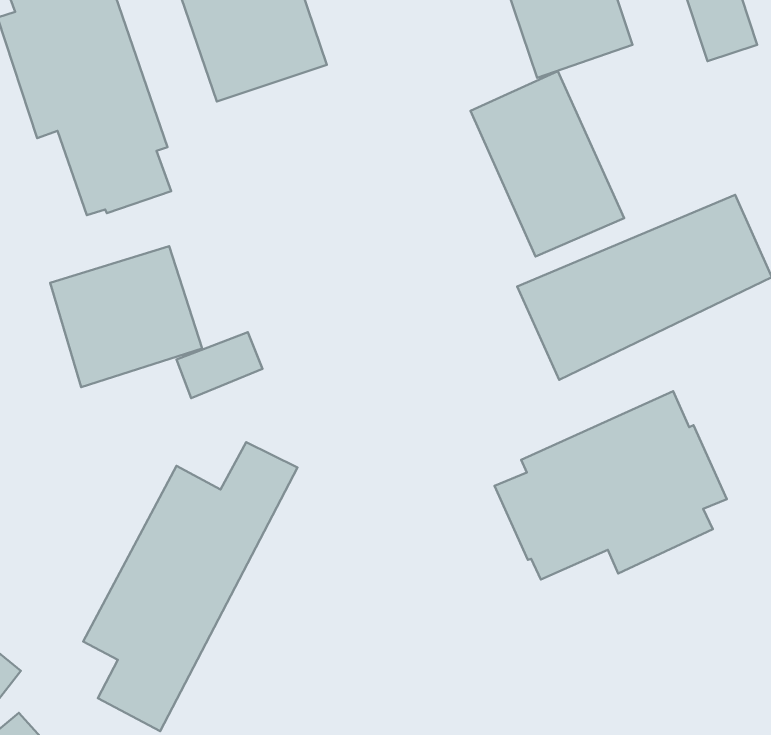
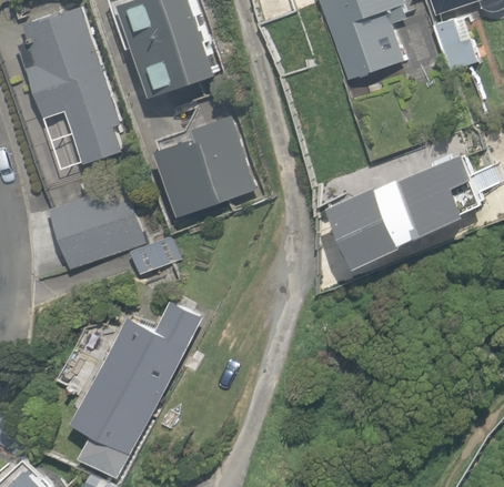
building: [470,71,624,257] -> none
building: none -> [158,115,254,215]
building: [494,391,727,580] -> none

